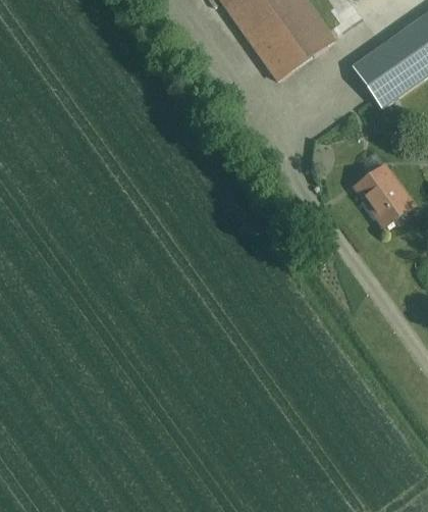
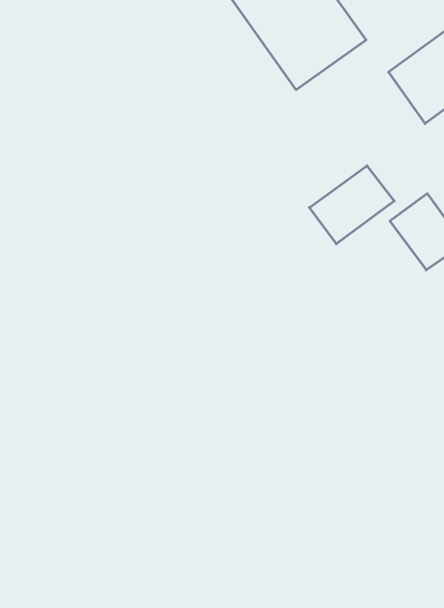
building: none -> [309,166,394,244]

